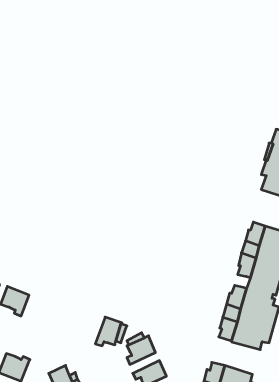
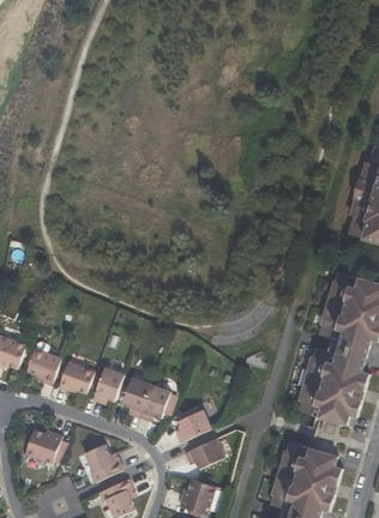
building: none -> [64,363,100,394]
building: none -> [98,369,130,404]
building: none -> [127,379,156,418]

